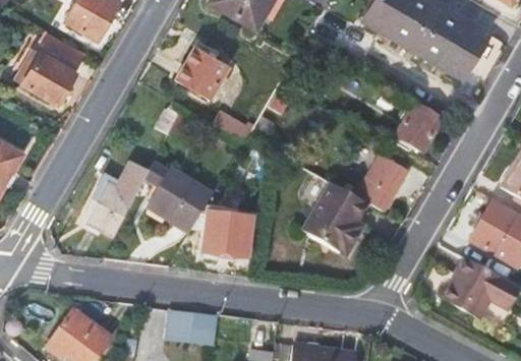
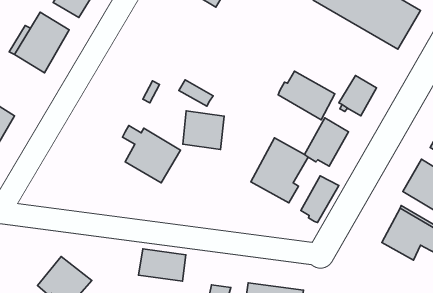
building: [177,47,230,100] -> none
building: none -> [278,71,335,120]
building: [85,162,150,236] -> none
building: [206,213,253,257] -> [183,111,224,150]
building: none -> [301,176,339,222]

